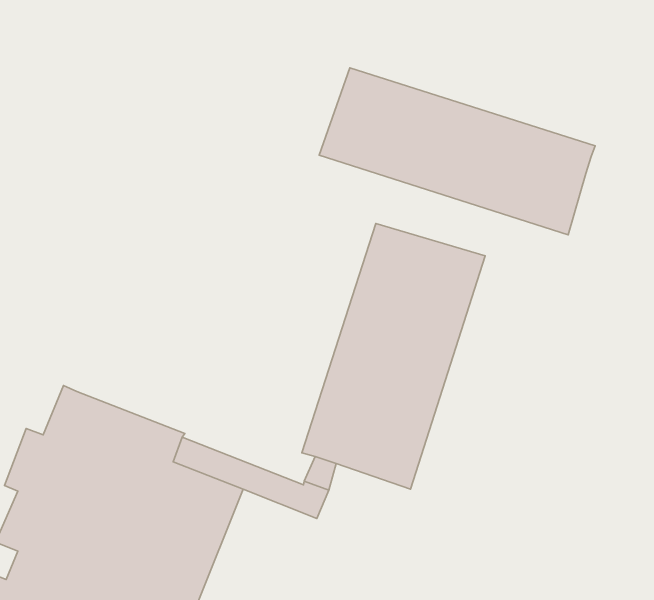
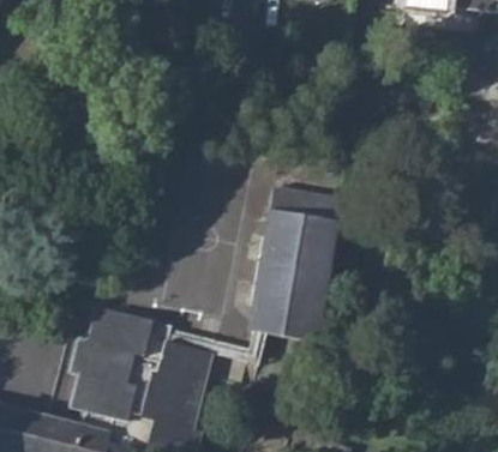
building: [319,68,595,235] -> none

